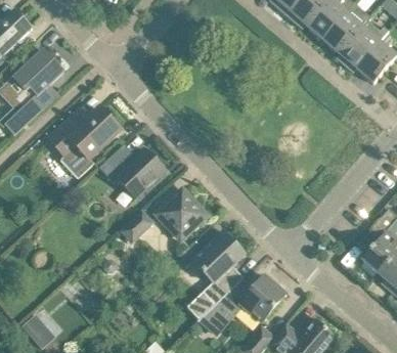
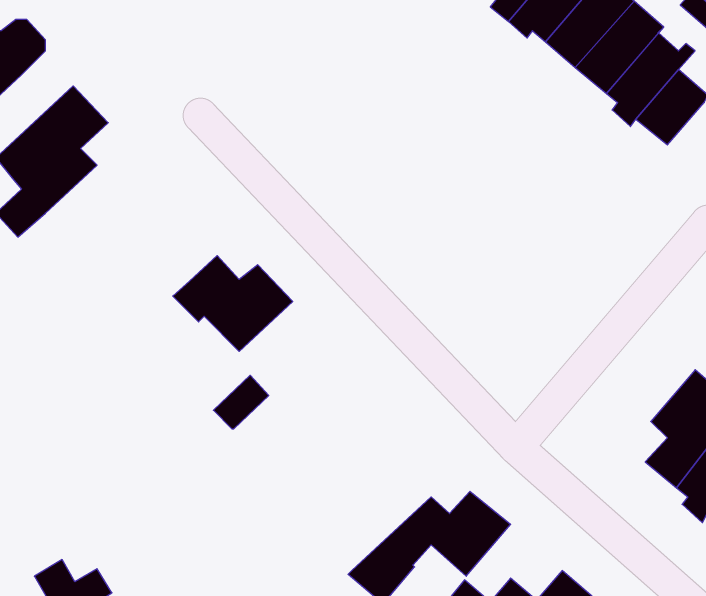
building: [50,107,122,177] -> none
building: [159,190,206,237] -> none
building: [187,231,246,319] -> none

